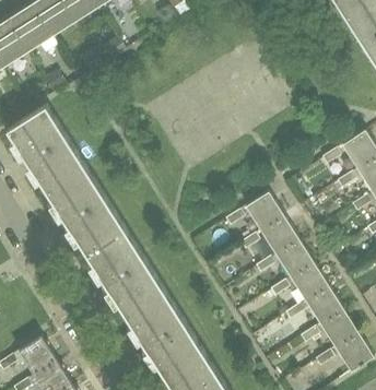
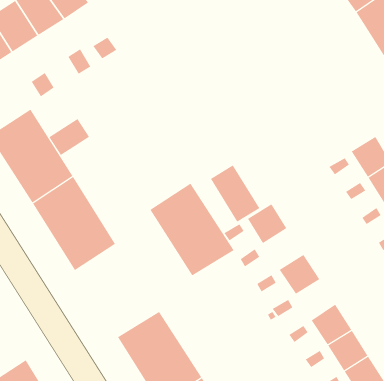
building: none -> [49,118,90,156]
building: none -> [210,164,260,223]
building: [258,215,296,253] -> none
building: [84,229,163,316] -> [149,183,235,276]
building: [289,262,326,300] -> none

